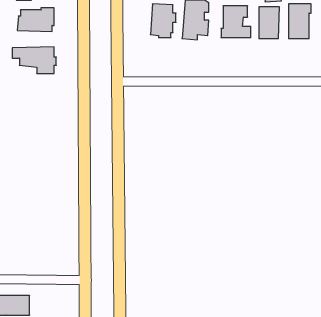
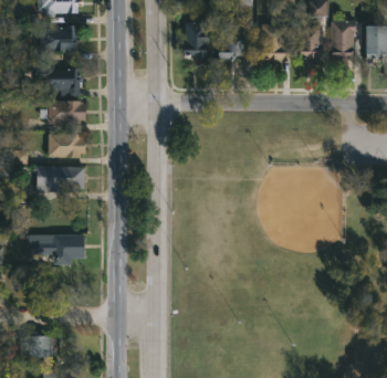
building: none -> [40,99,86,125]
building: none -> [48,134,86,157]
building: none -> [33,166,86,192]
building: none -> [28,235,82,264]

